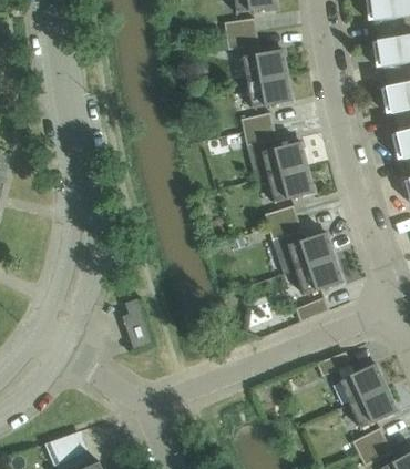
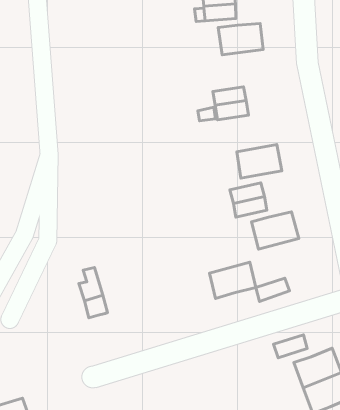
building: [247,74,291,108] -> none
building: [260,141,307,176] -> none
building: [296,257,342,295] -> [209,262,256,298]

